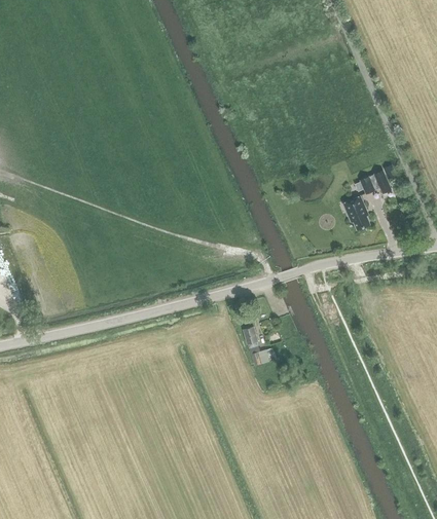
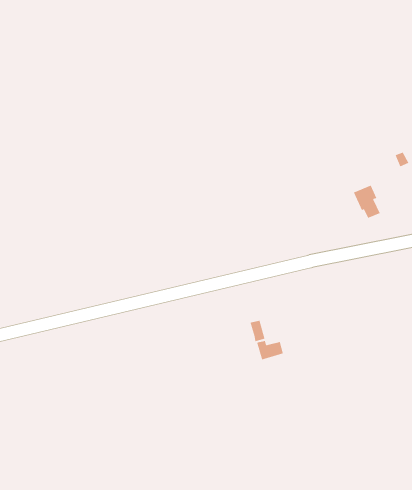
building: [358,171,389,193] -> none

